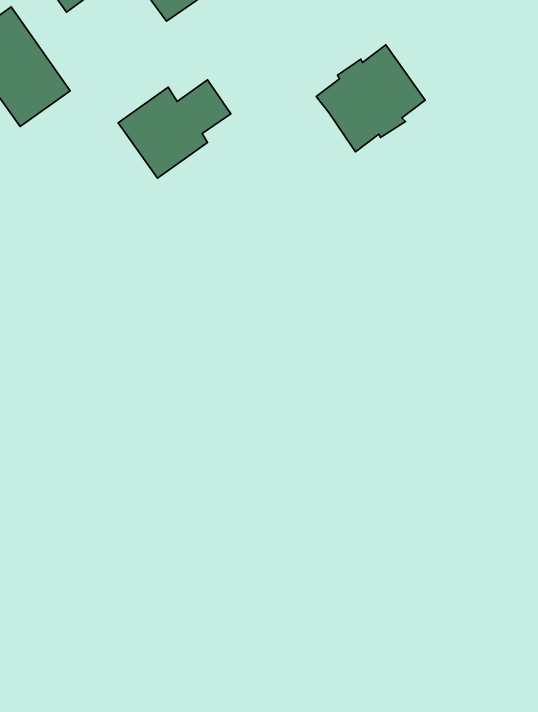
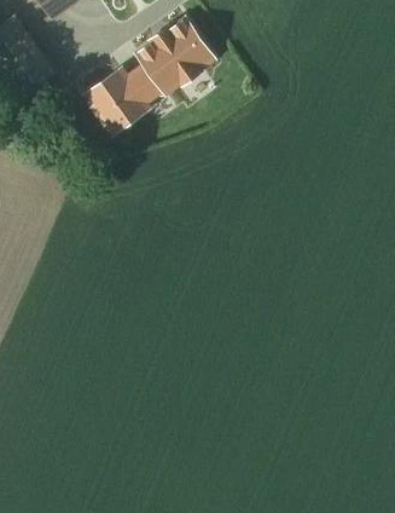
building: [316,45,425,152] -> [138,19,211,92]

